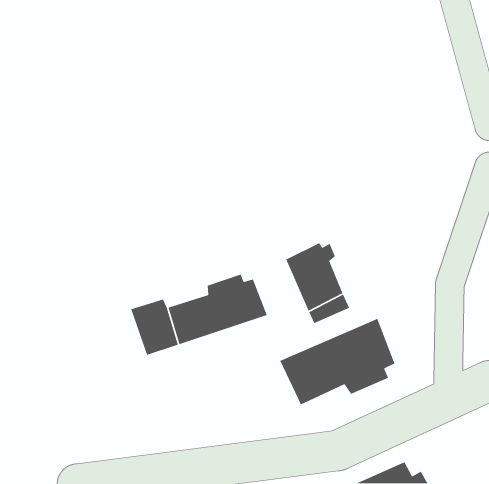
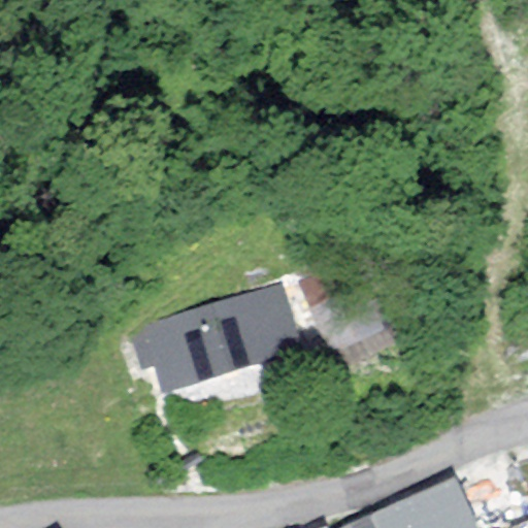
building: [279,318,396,406] -> none

